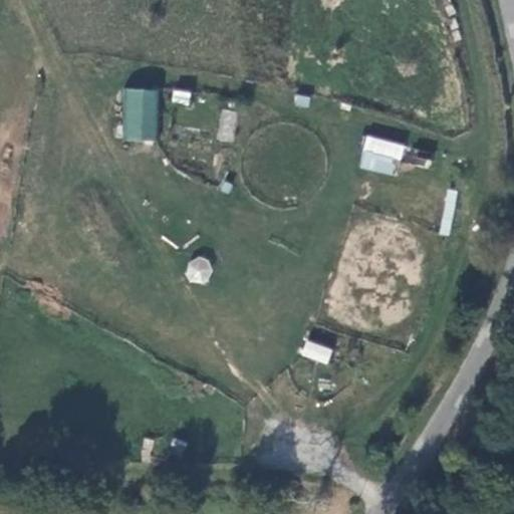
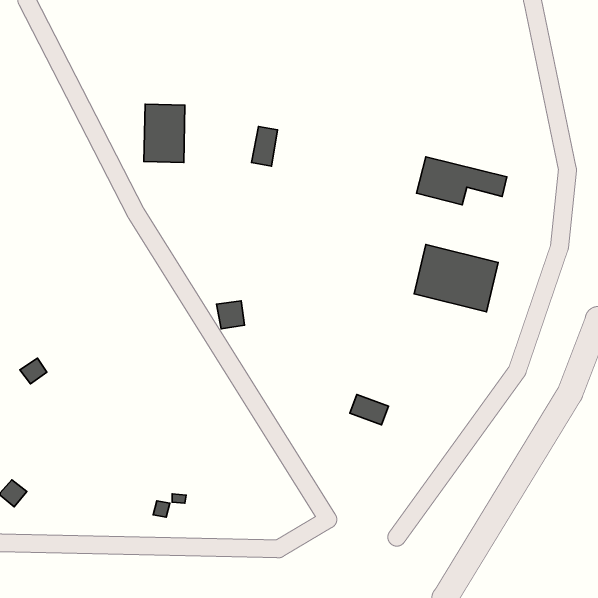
building: none -> [414,245,498,312]

